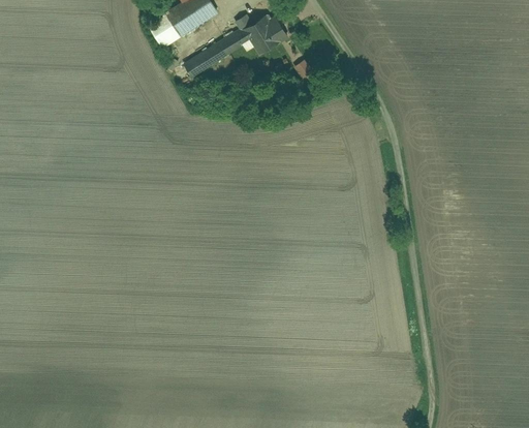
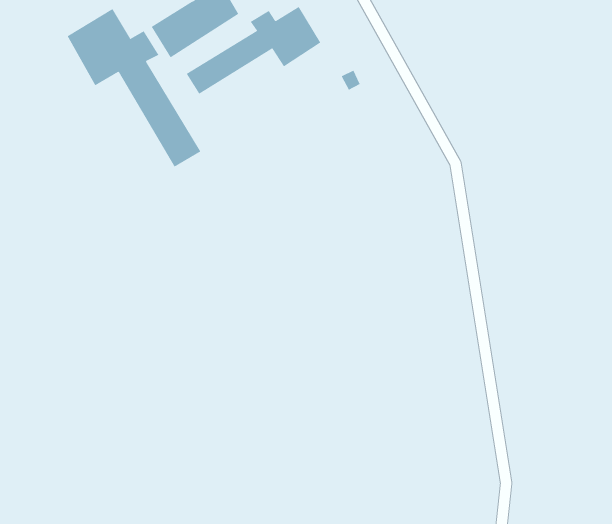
building: none -> [67,8,201,167]

